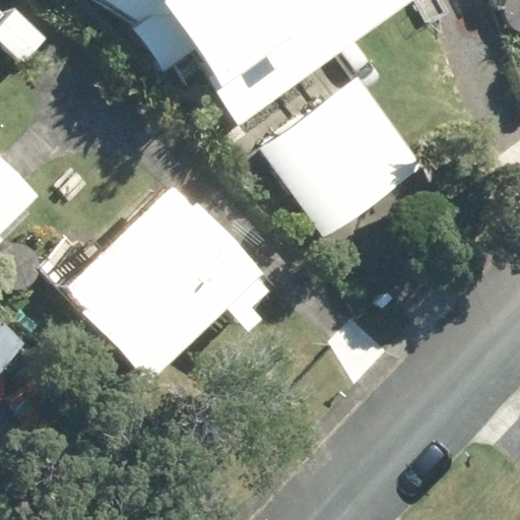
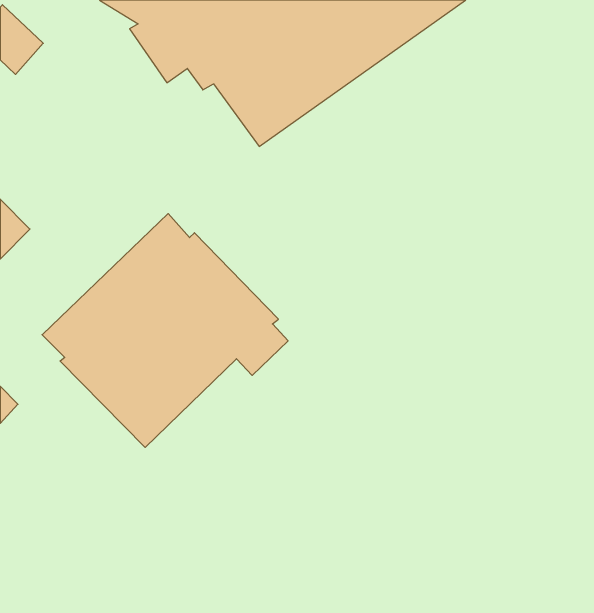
building: [259,73,424,237] -> none

